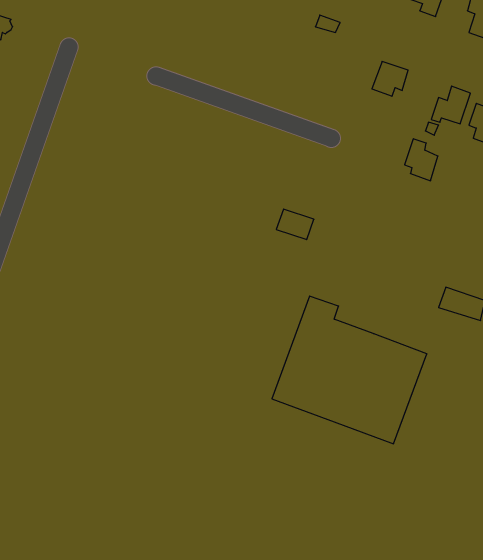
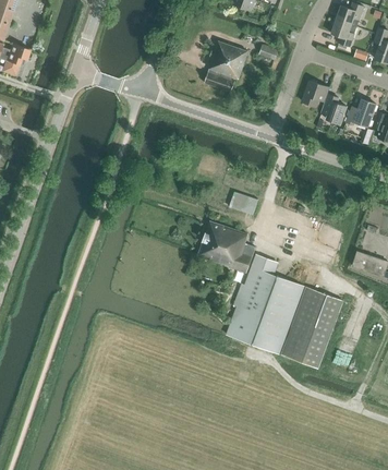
building: none -> [204,41,248,92]
building: [405,139,438,181] -> [322,94,347,125]
building: none -> [198,221,256,273]

